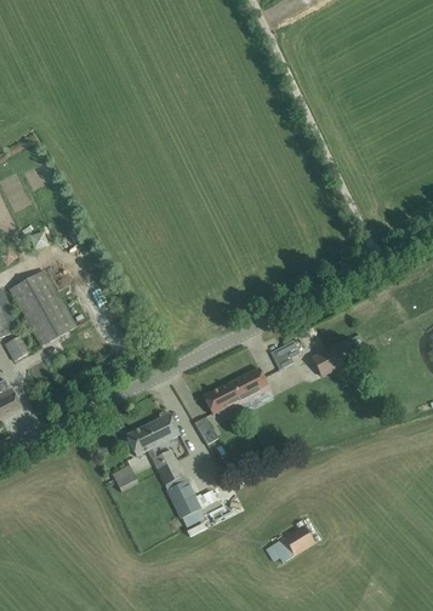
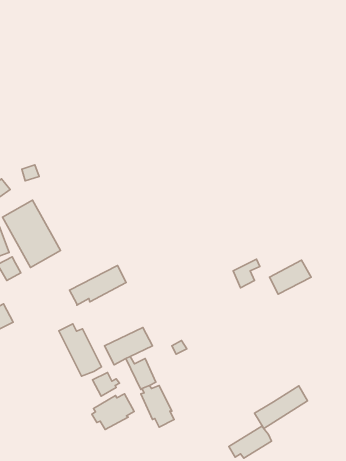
building: [203,369,267,413] -> [69,265,126,305]
building: none -> [59,324,102,376]
building: none -> [254,386,307,428]
building: none -> [92,394,134,430]

